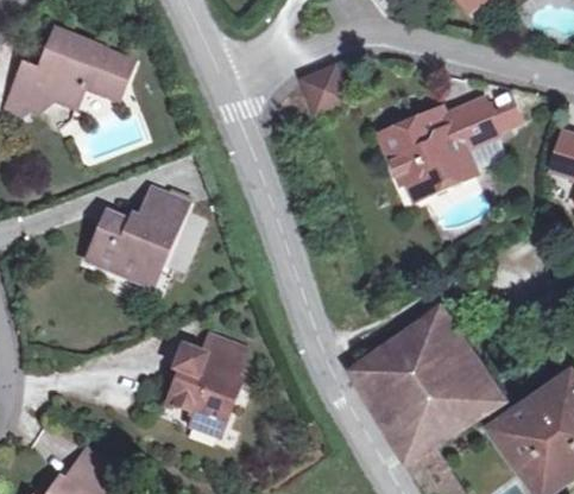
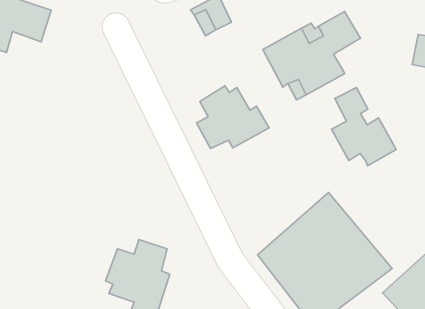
building: none -> [196,86,269,149]
building: none -> [332,88,396,166]
building: [86,188,187,289] -> none

